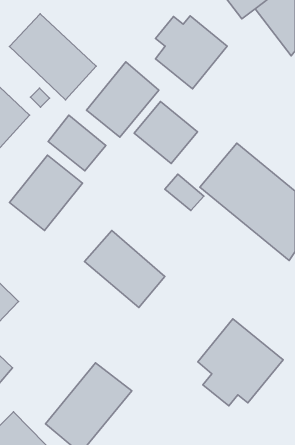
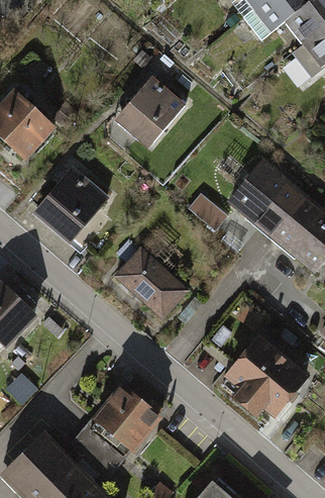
building: [9,14,96,100] -> none
building: [155,16,227,89] -> none
building: [134,102,197,164] -> none
building: [48,115,106,171] -> none

